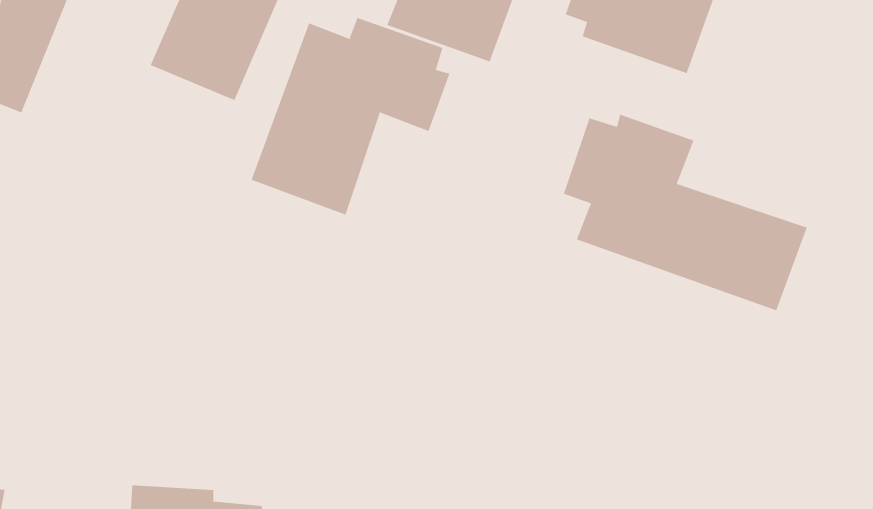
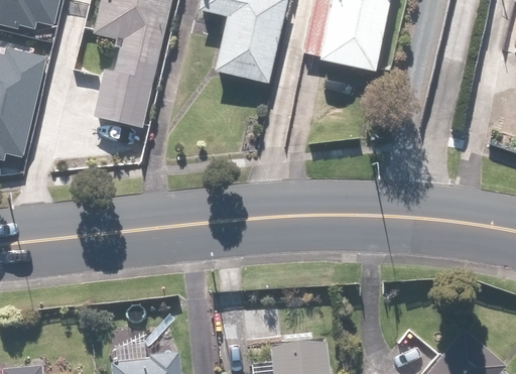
building: [251,17,450,216] -> none
building: [563,114,807,311] -> none

